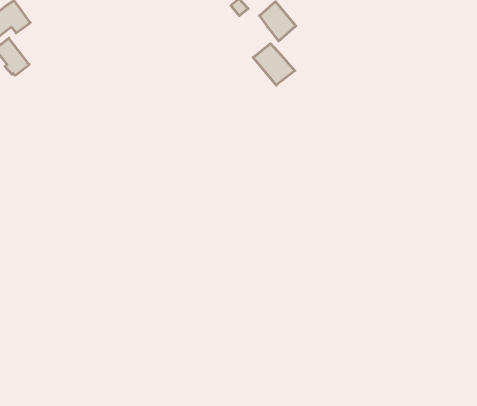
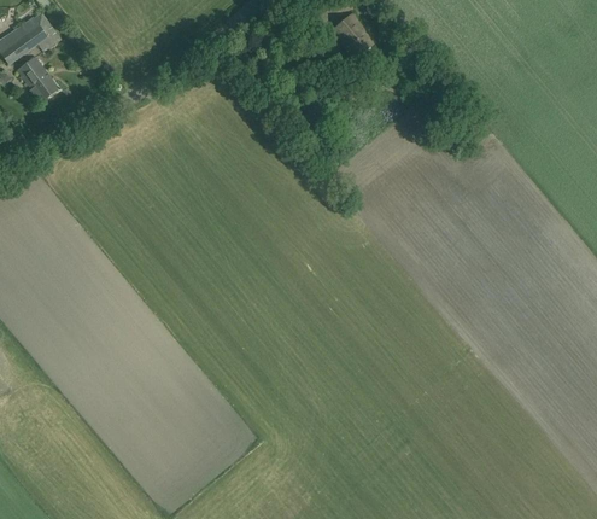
building: [253,44,295,85] -> none

